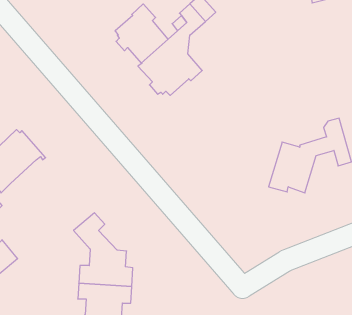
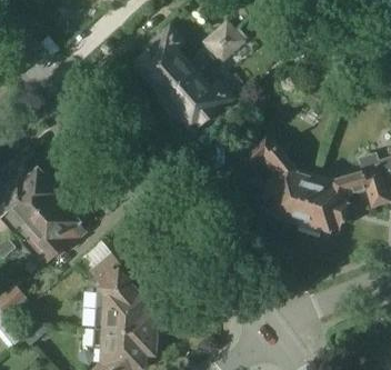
building: none -> [241,133,314,227]
building: none -> [23,194,88,266]

